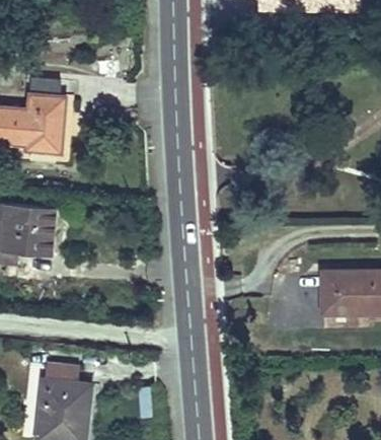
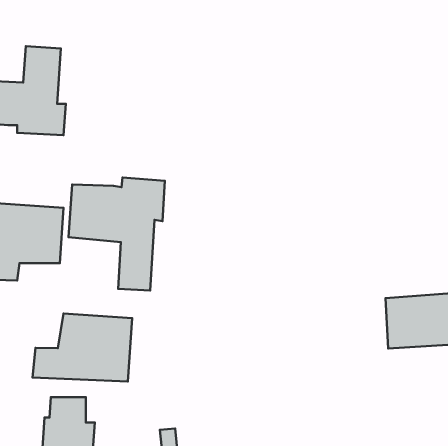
building: none -> [68,178,165,290]
building: none -> [32,314,132,382]

